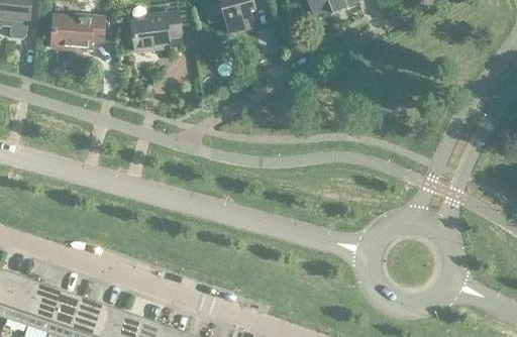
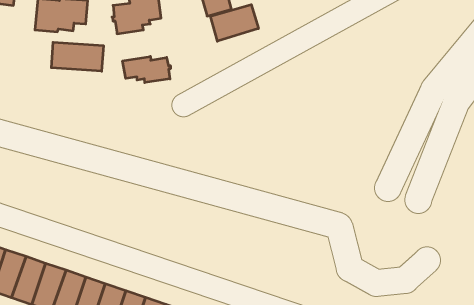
building: none -> [210,5,258,41]
building: none -> [51,42,103,71]
building: none -> [123,56,170,83]

